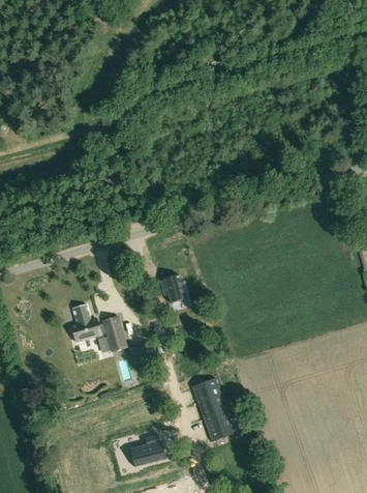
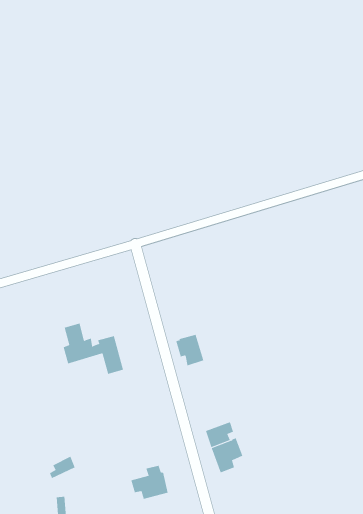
building: [160,274,186,303] -> [176,334,204,366]
building: [192,380,221,403] -> none

